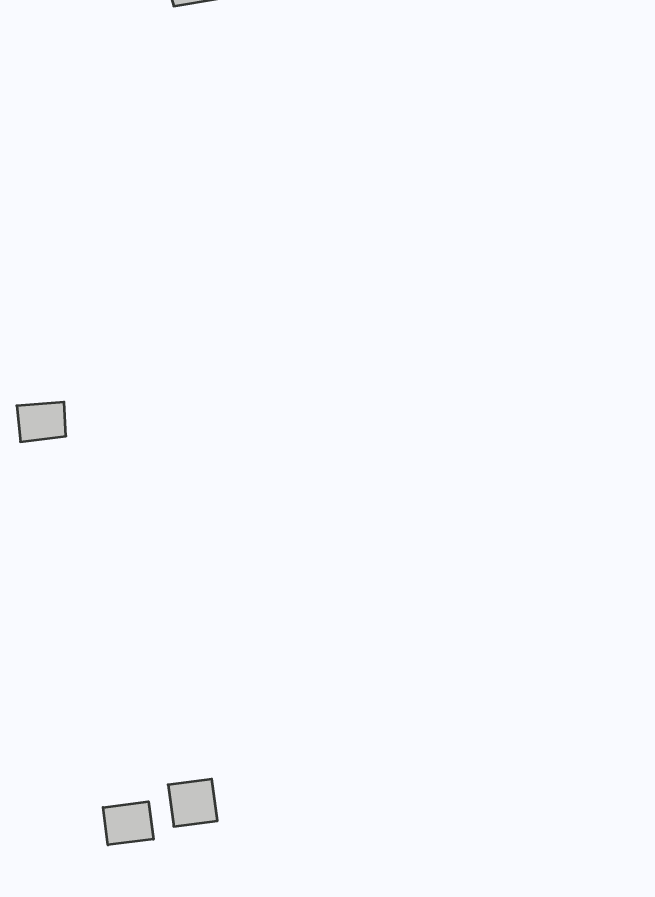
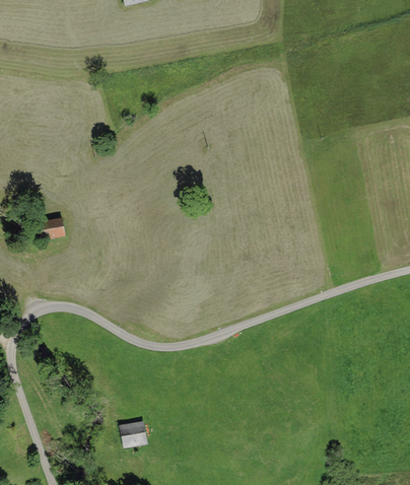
building: [103,802,153,845] -> none

